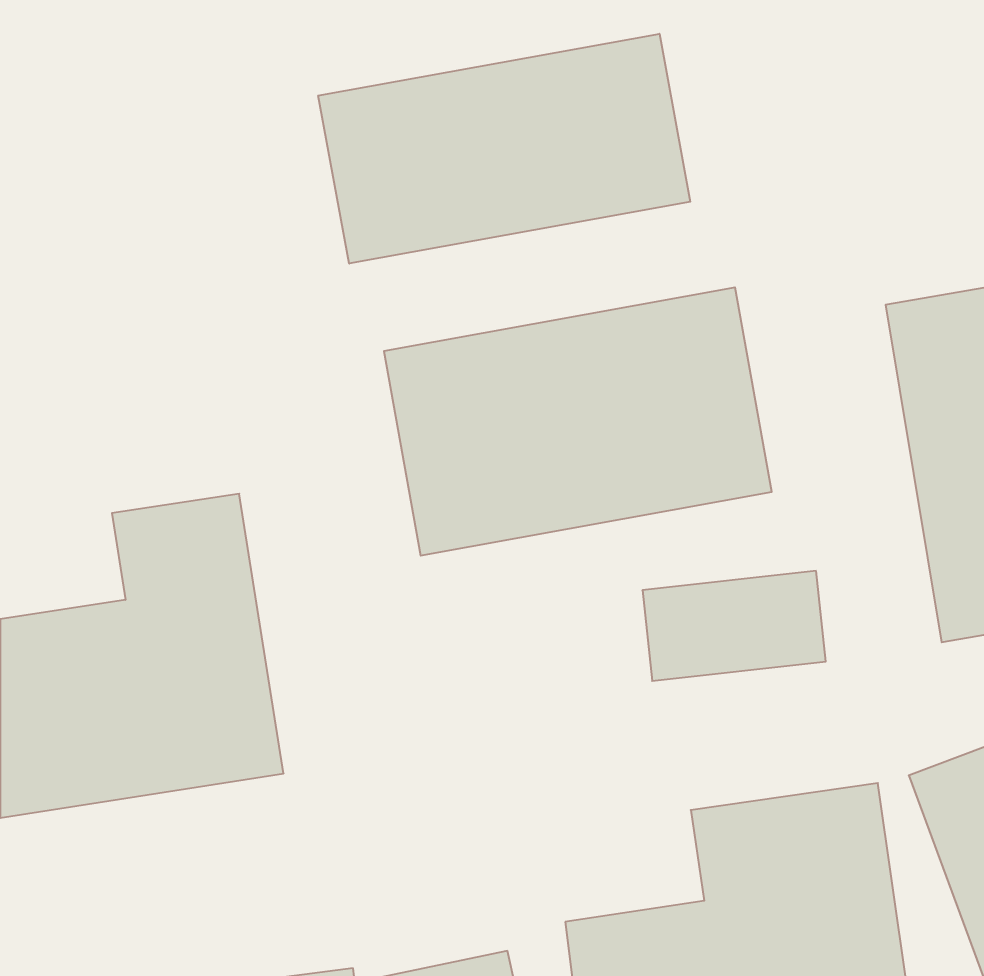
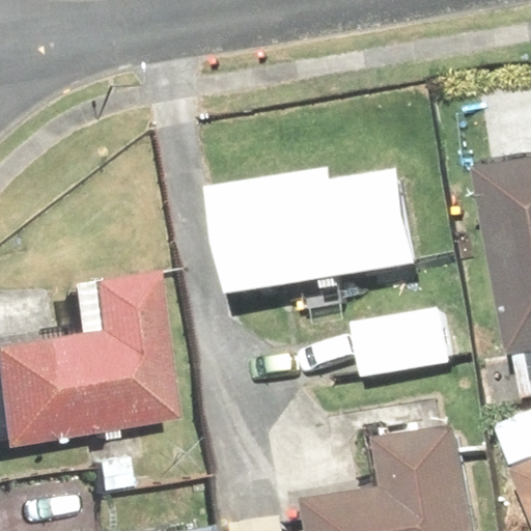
building: [318,34,690,264] -> none

